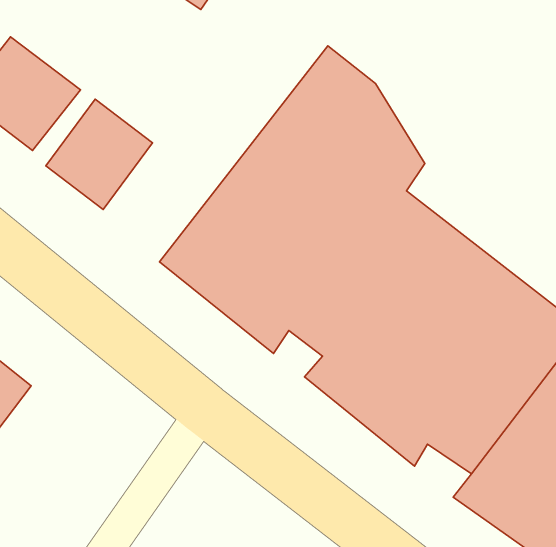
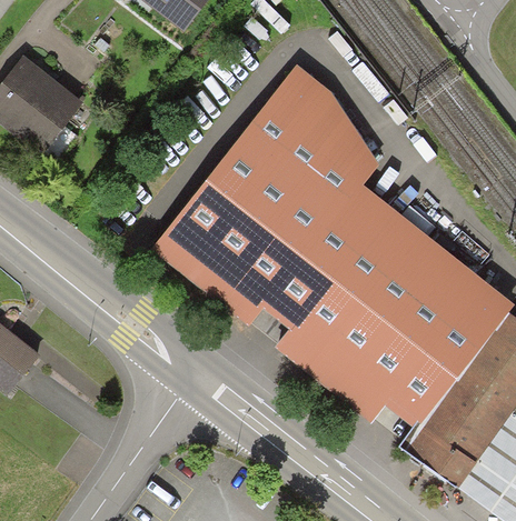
building: [46,99,153,209] -> none

